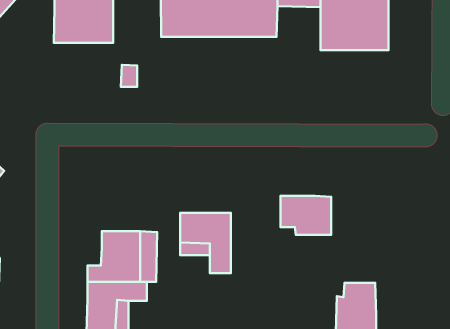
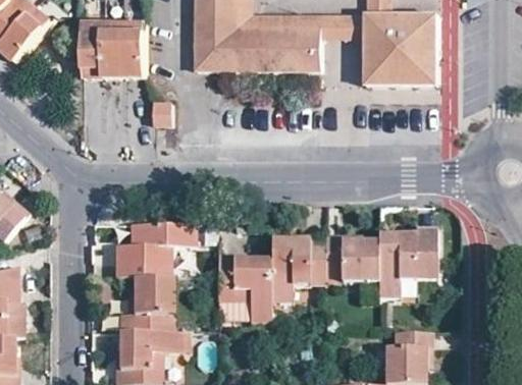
building: none -> [113,223,197,277]
building: none -> [378,233,431,296]
building: none -> [271,238,324,303]

